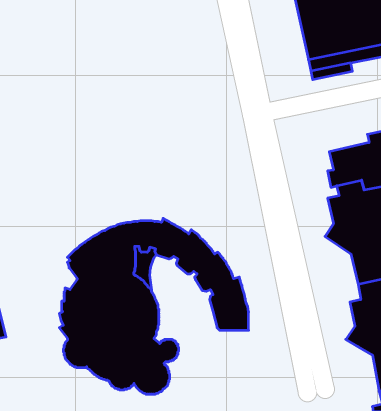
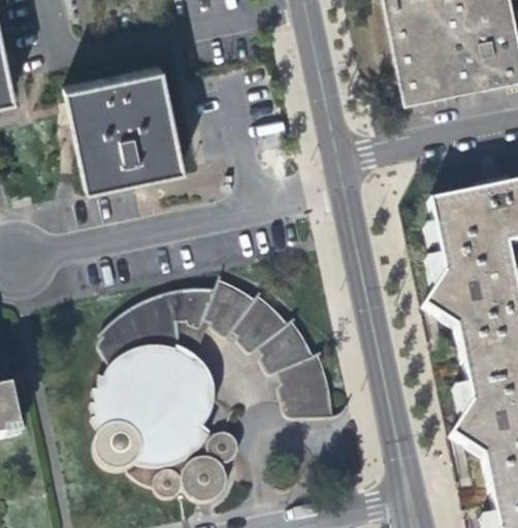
building: none -> [65,64,182,185]

